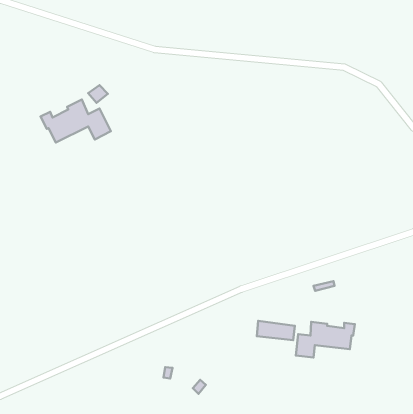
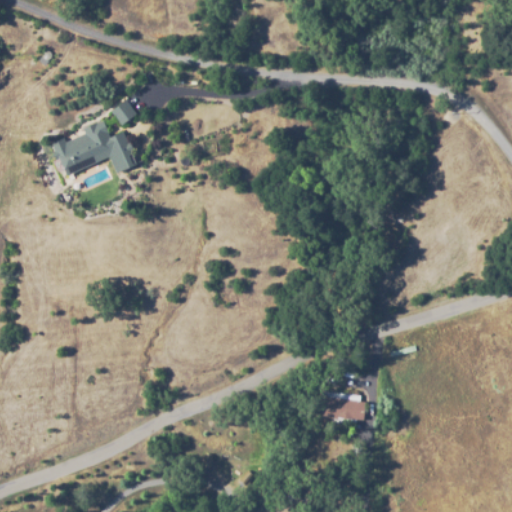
building: [296,322,355,357] -> none

